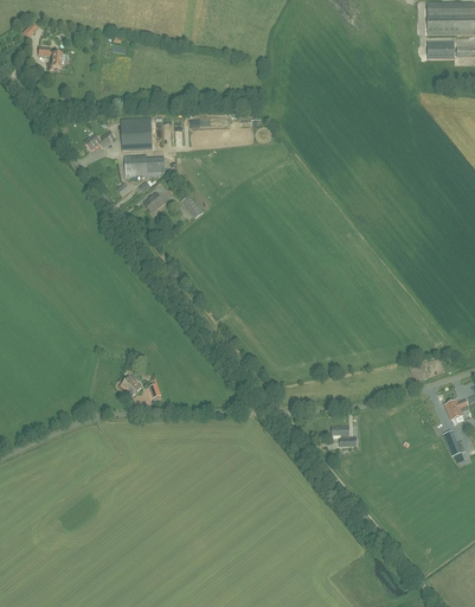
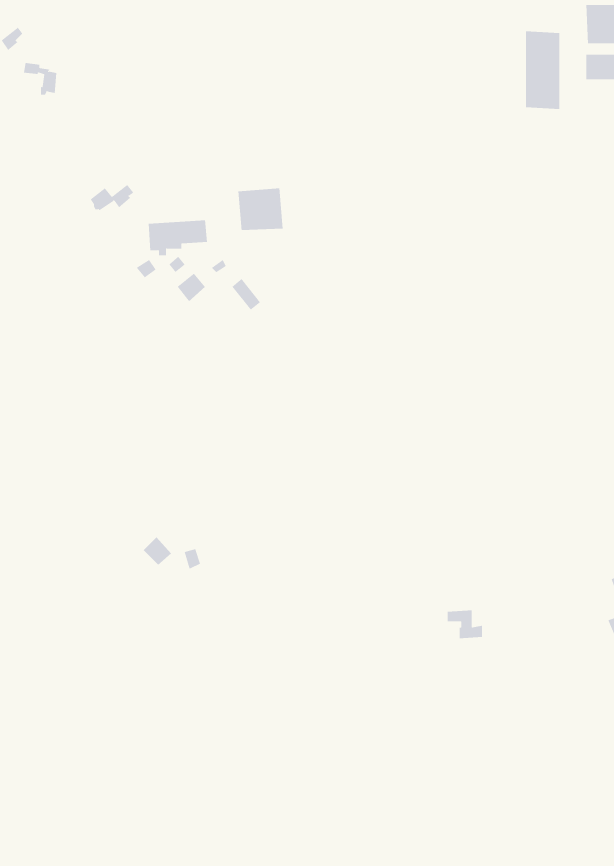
building: none -> [526,30,560,110]
building: [121,119,153,148] -> [237,188,283,231]

